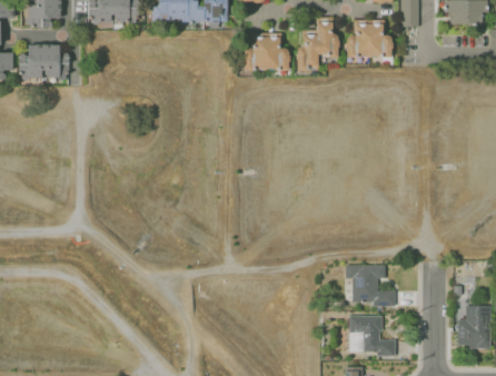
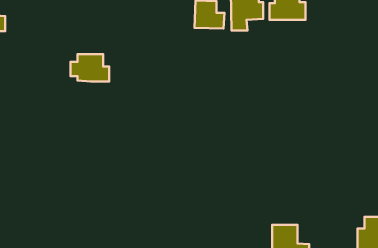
building: [19,44,68,79] -> [71,54,109,81]
building: [346,265,395,307] -> none

